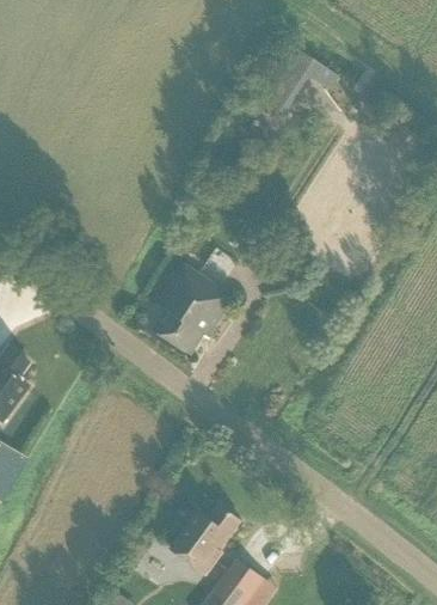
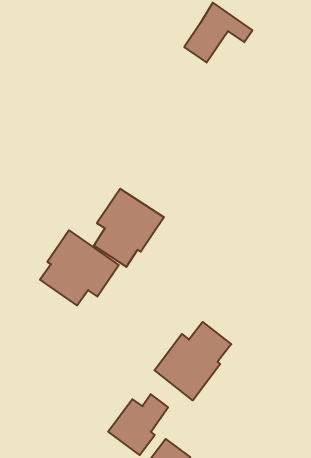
building: none -> [40,230,119,305]
building: none -> [154,322,231,400]

